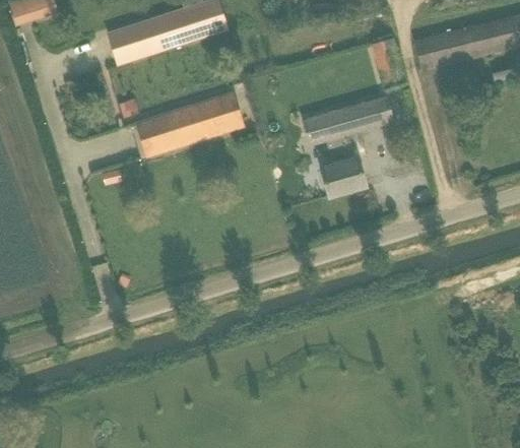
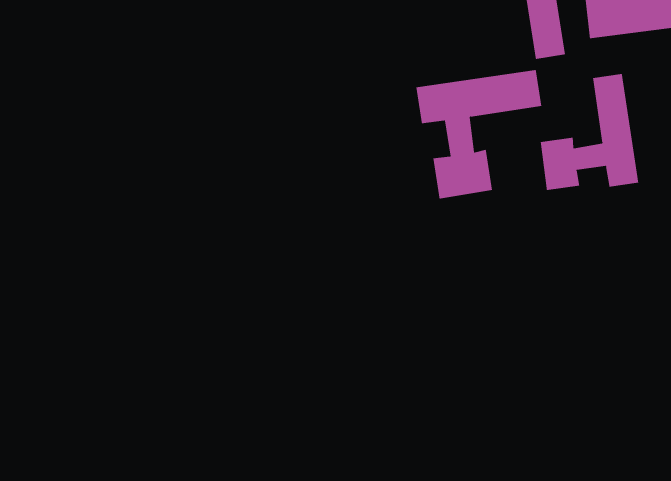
building: none -> [540,73,639,191]
building: [137,92,244,154] -> none

